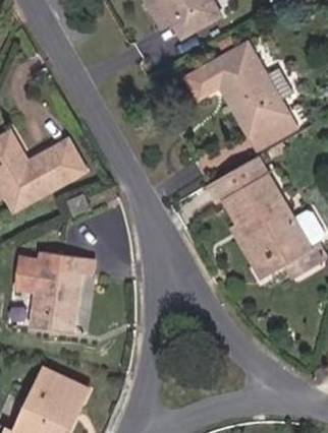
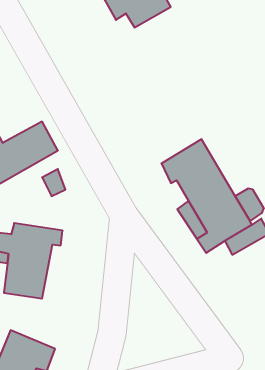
building: [181,42,289,147] -> none

